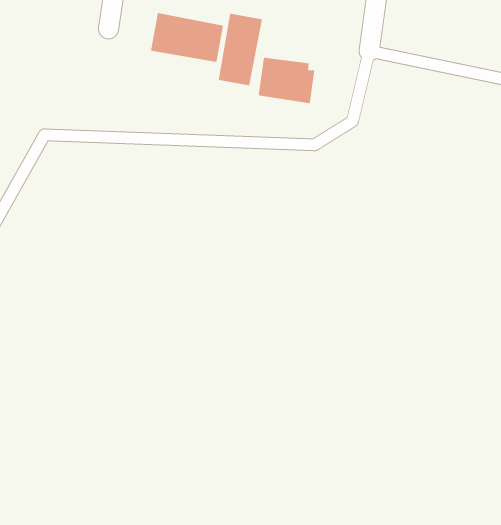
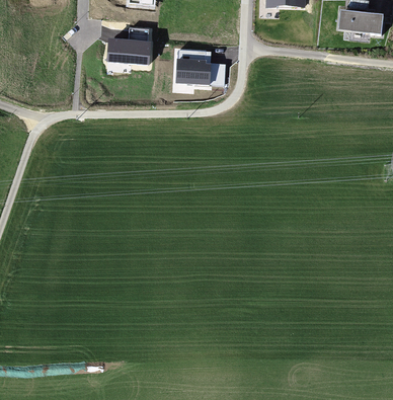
building: [218,13,263,86] -> none

